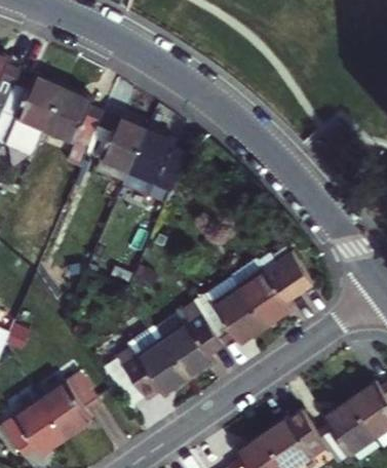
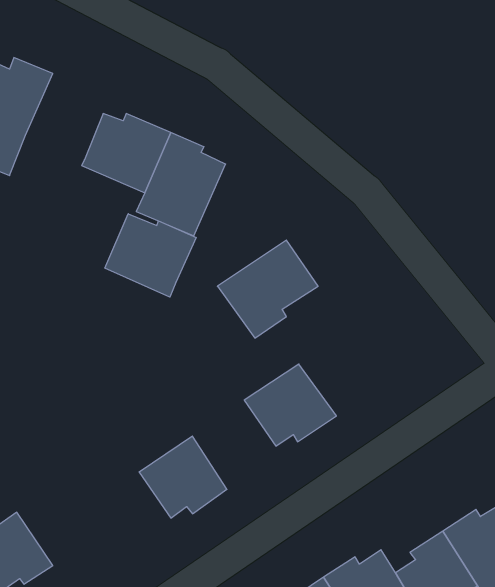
building: [40,84,98,146] -> none
building: none -> [105,214,196,297]
building: [235,259,307,328] -> [217,240,318,338]
building: [159,317,219,381] -> none
building: [34,372,94,435] -> none

